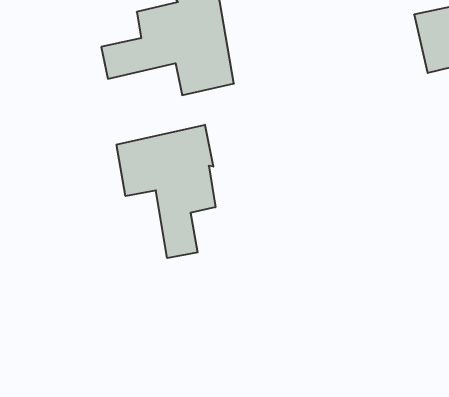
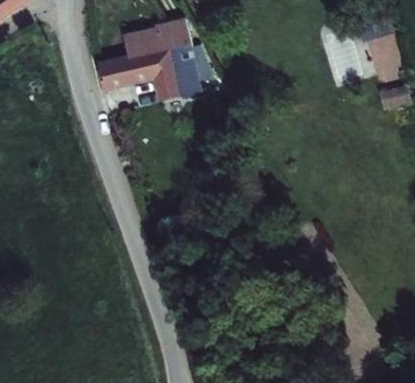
building: [117,125,215,258] -> none

